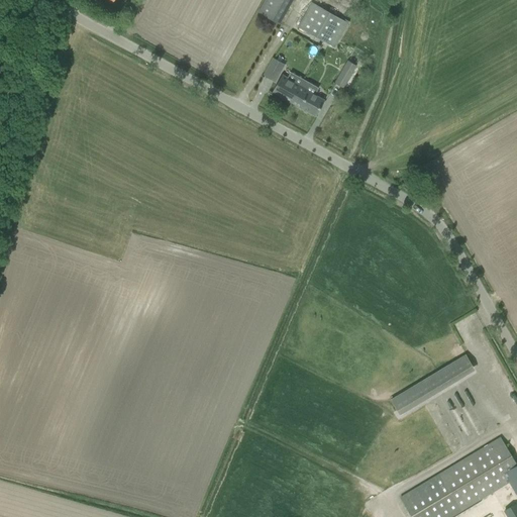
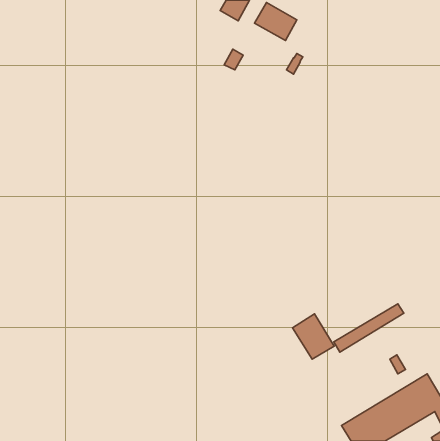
building: [273,75,325,116] -> none
building: none -> [292,314,334,359]

